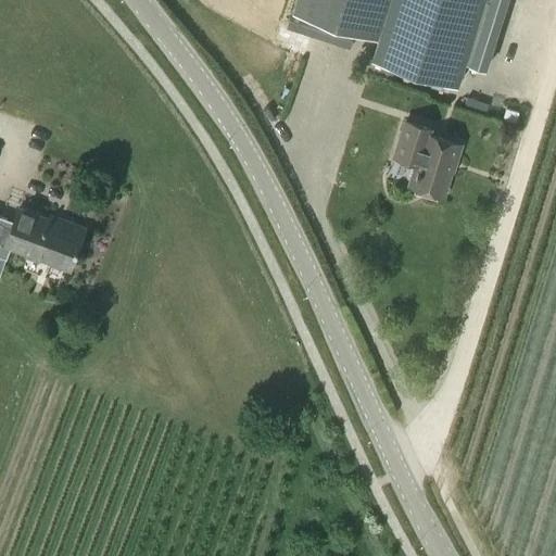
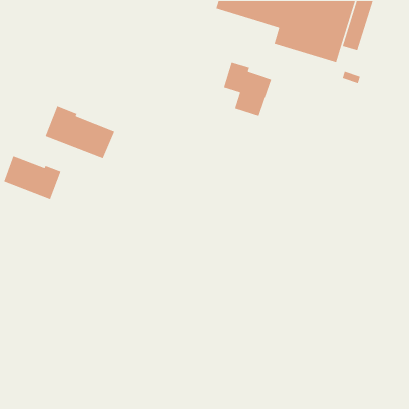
building: [393,123,460,198] -> [223,62,272,117]
building: none -> [45,105,115,159]

